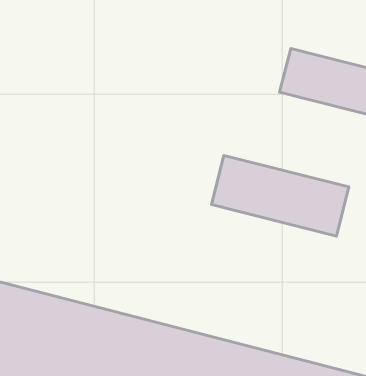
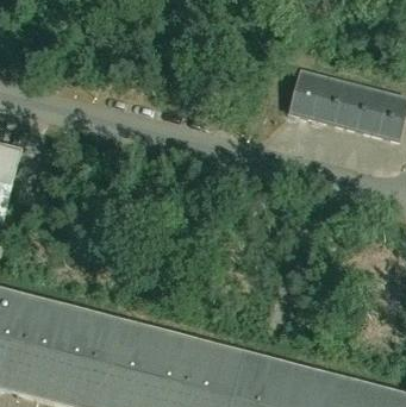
building: [211,155,349,236] -> none

